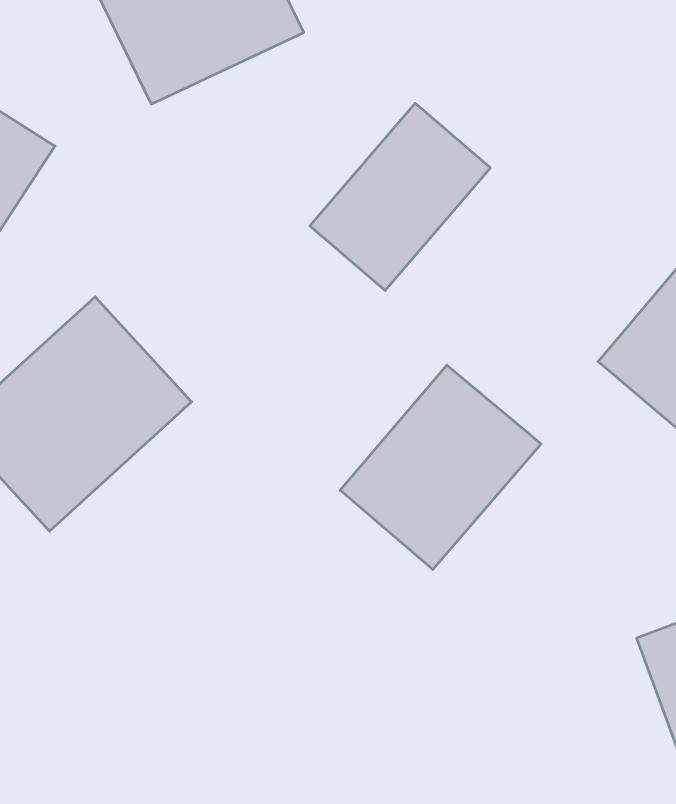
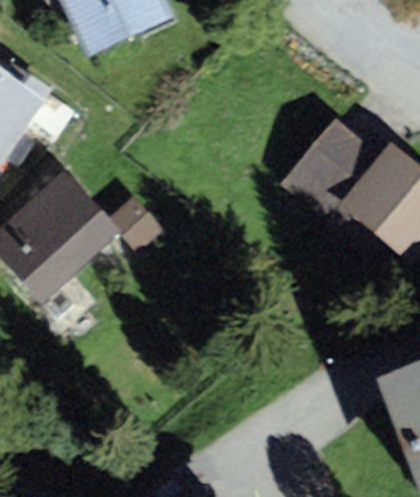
building: [310,103,490,291] -> [282,121,385,228]
building: [340,365,541,570] -> none

